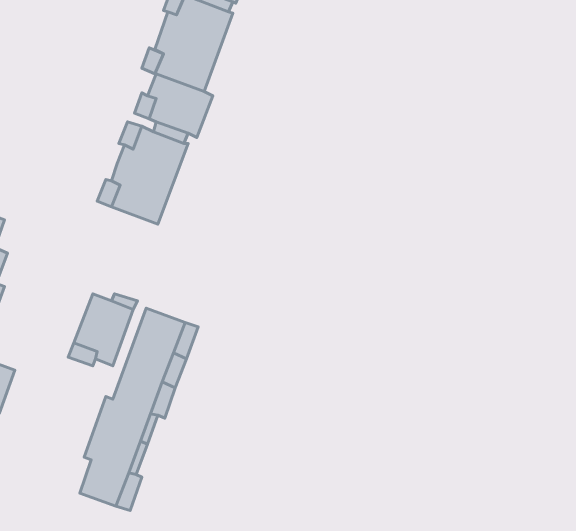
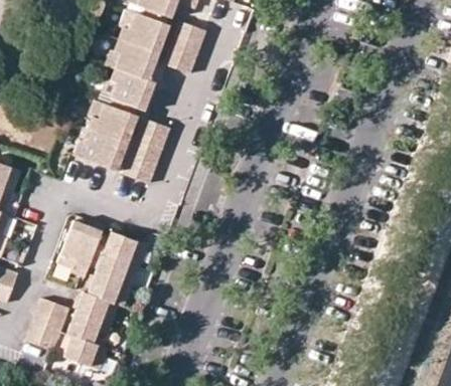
building: none -> [164,20,207,73]
building: none -> [123,118,170,183]
building: none -> [24,297,67,350]

